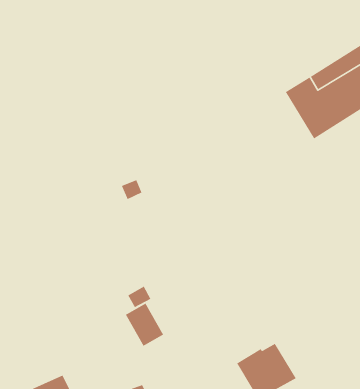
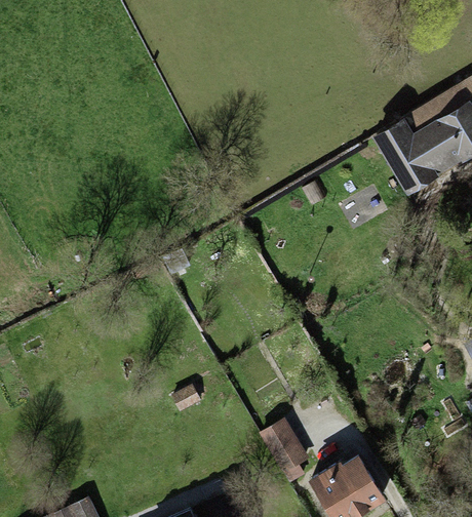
building: [125,302,164,347] -> [259,417,309,474]

